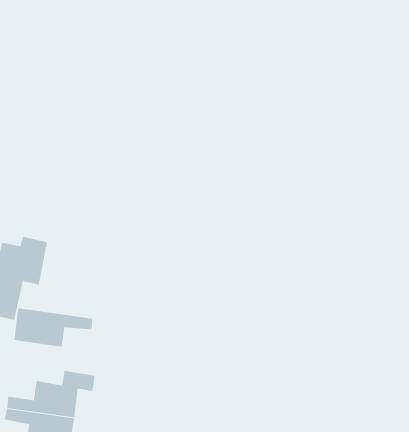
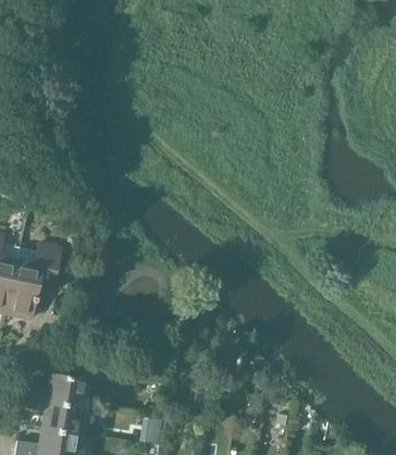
building: [14,308,93,348] -> none

